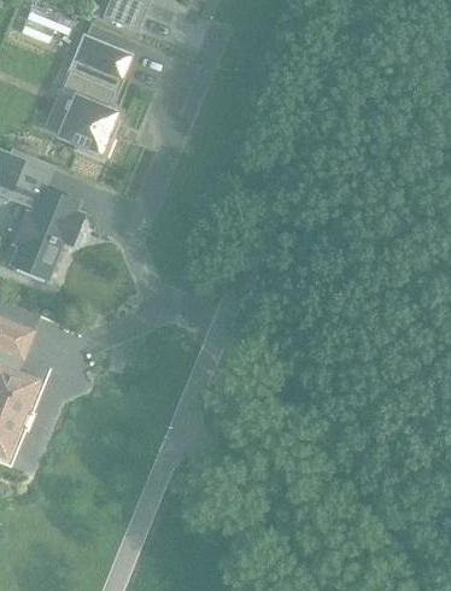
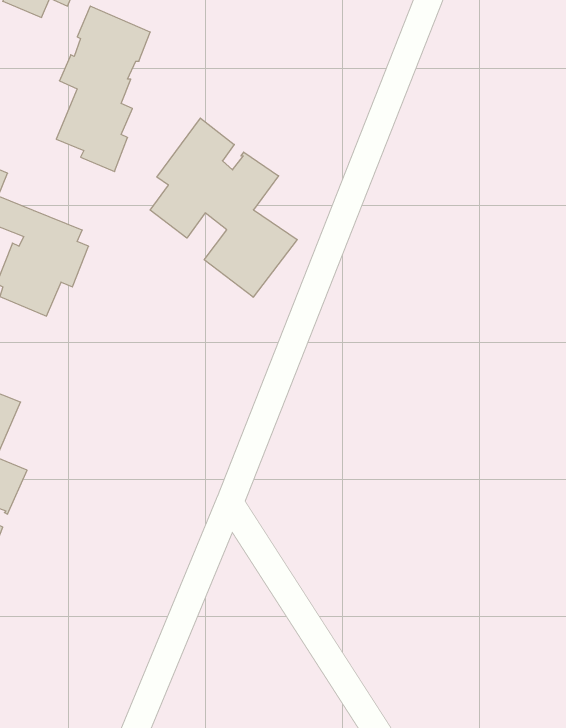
building: none -> [150,118,297,297]

